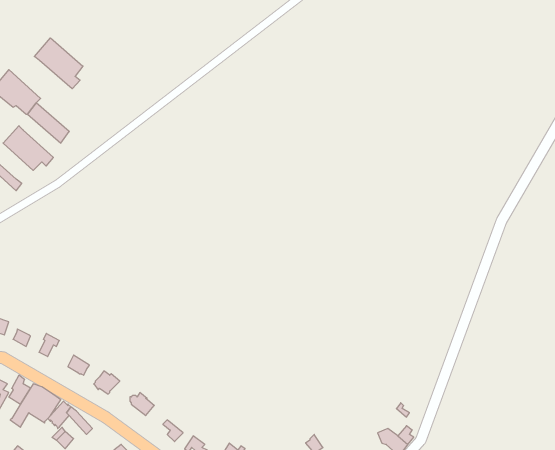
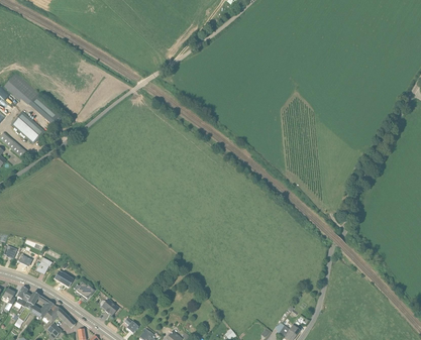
building: [34,38,83,89] -> none

